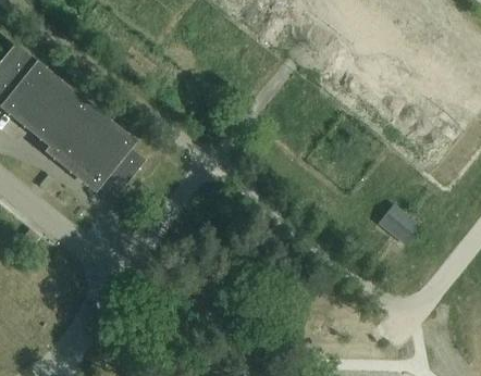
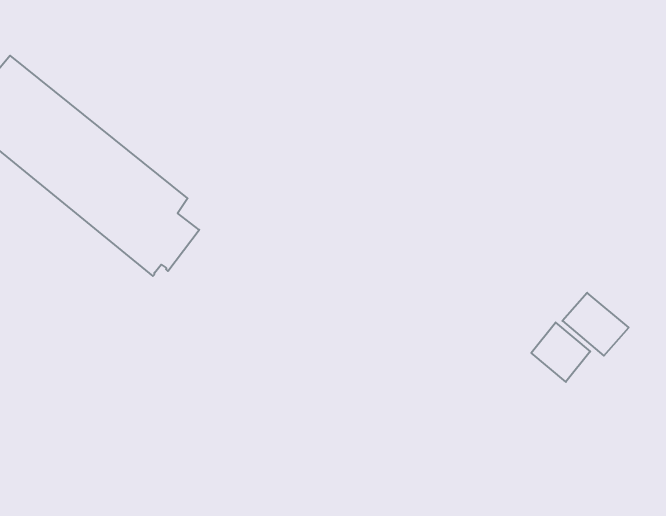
building: none -> [531,322,590,382]

